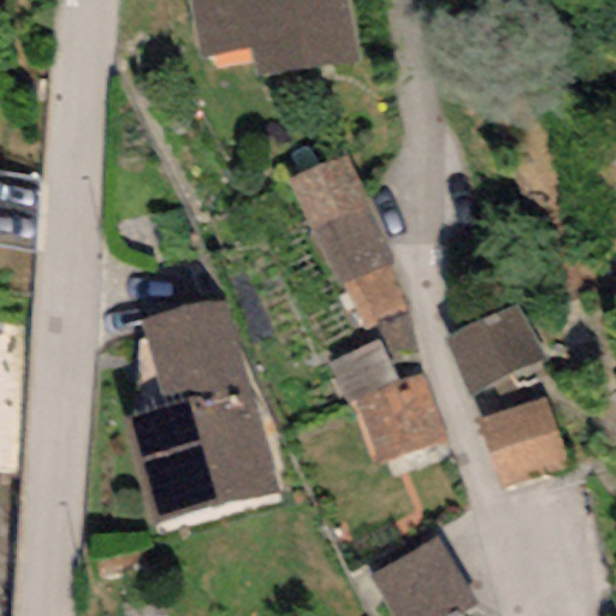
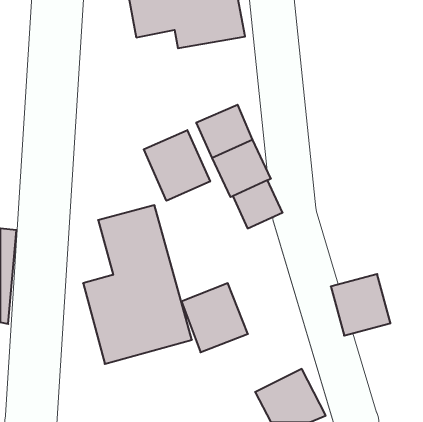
building: none -> [144,130,210,201]
building: [448,303,546,392] -> none
building: [353,371,449,470] -> [181,283,248,352]

